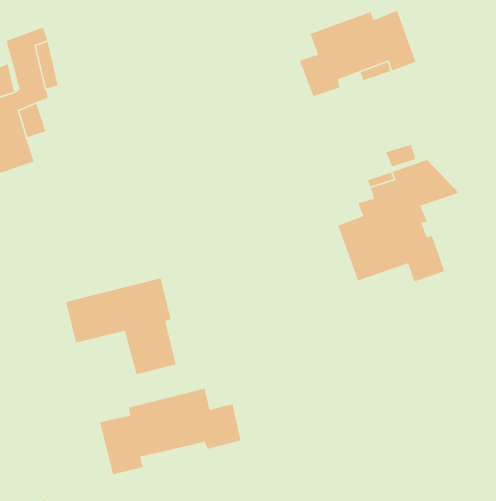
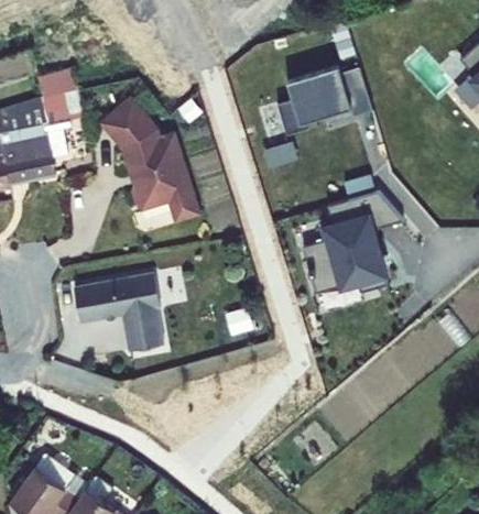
building: none -> [104,101,203,225]
building: [99,388,242,475] -> none

